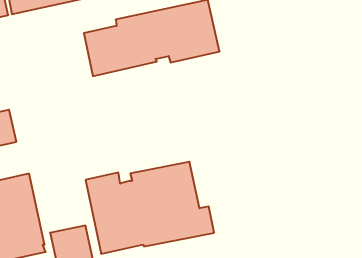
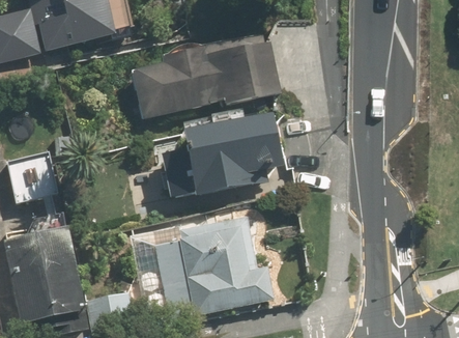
building: none -> [162,114,290,199]

